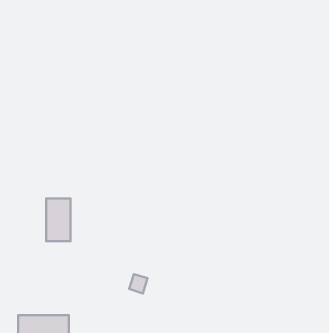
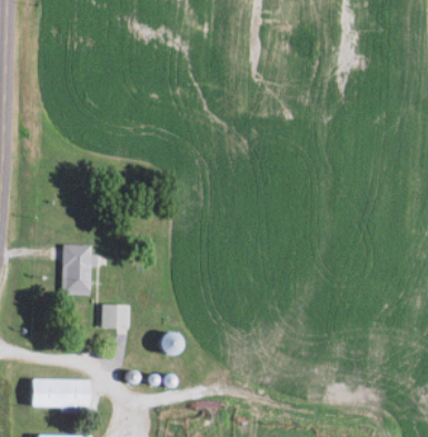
building: none -> [102,305,131,329]

